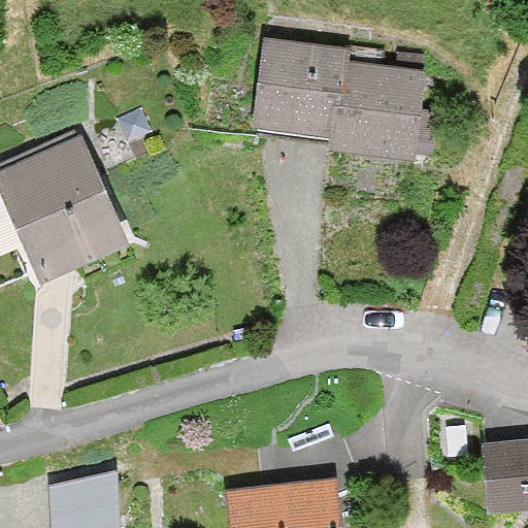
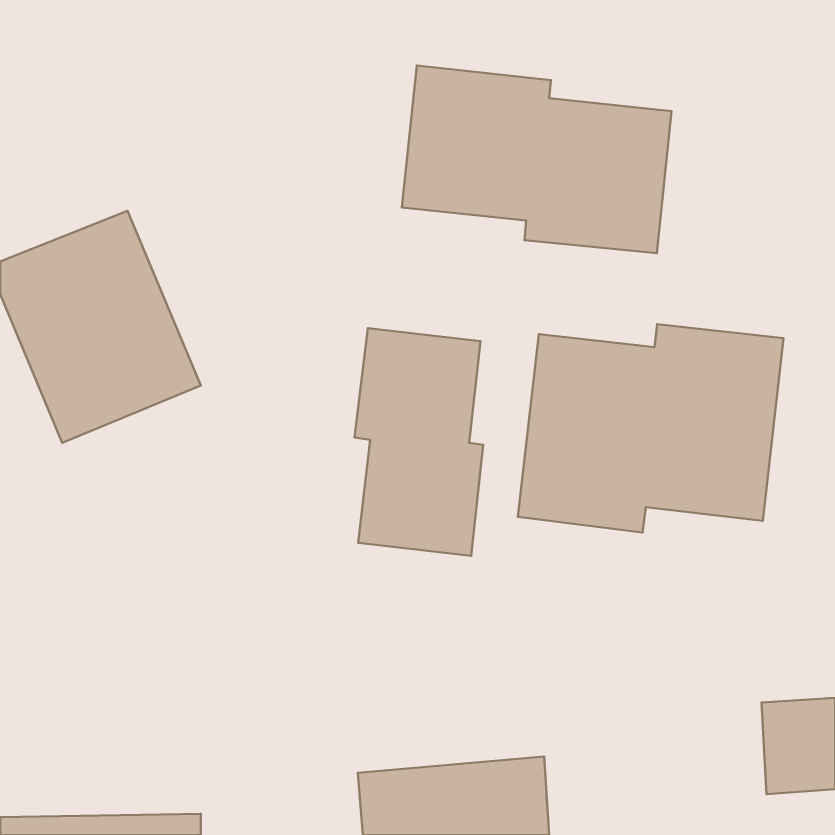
building: none -> [518,324,784,532]
building: none -> [355,328,483,556]

